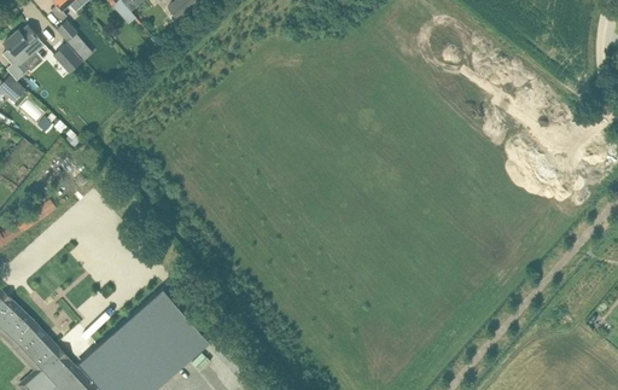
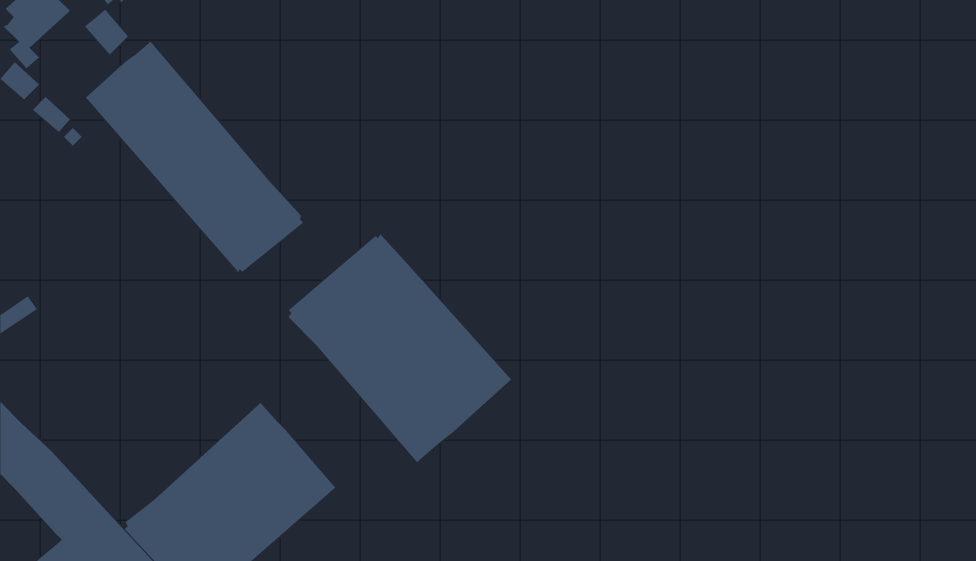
building: none -> [85,41,305,273]
building: none -> [287,233,512,463]

